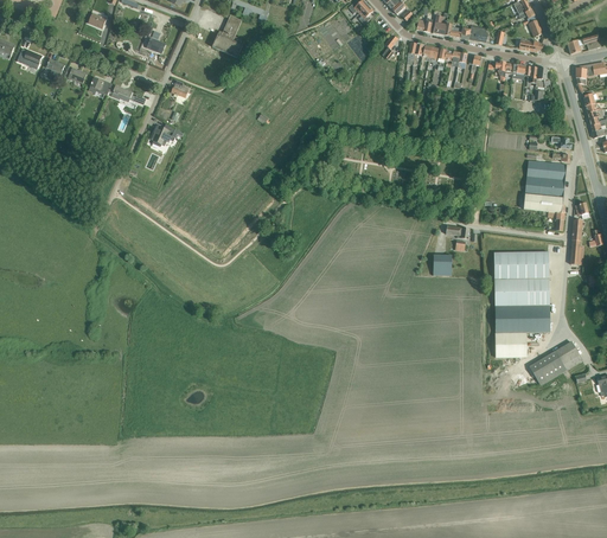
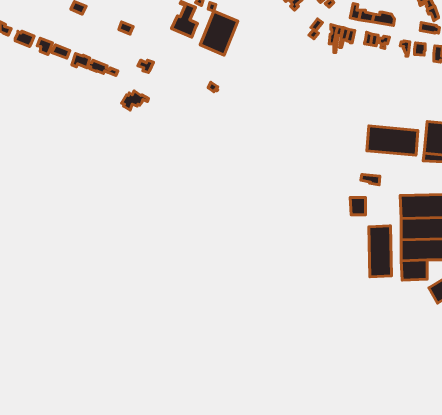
building: none -> [200,11,238,55]
building: none -> [367,126,418,155]
building: none -> [369,226,391,277]

